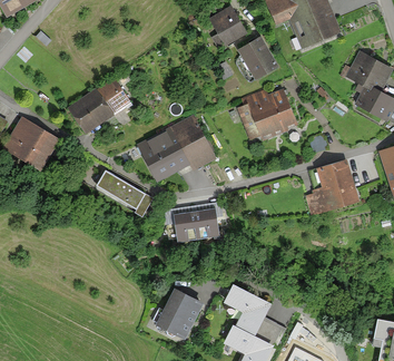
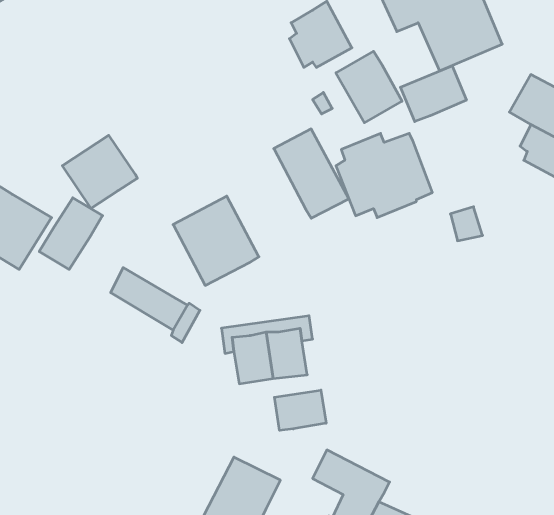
building: none -> [400,66,466,122]
building: [96,77,129,113] -> none
building: [169,114,216,169] -> [274,129,349,218]
building: none -> [39,198,103,269]
building: [304,159,359,215] -> none
building: none -> [274,390,326,430]

